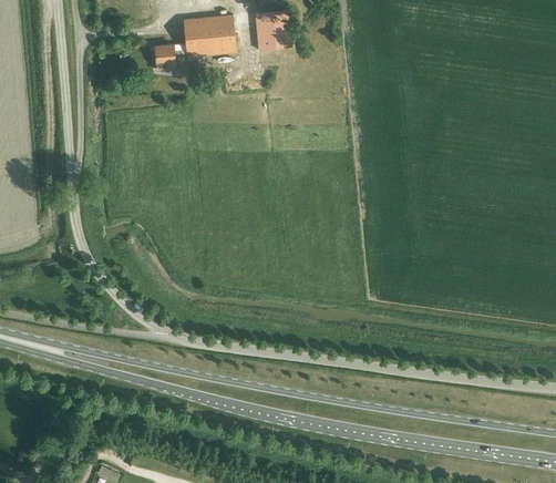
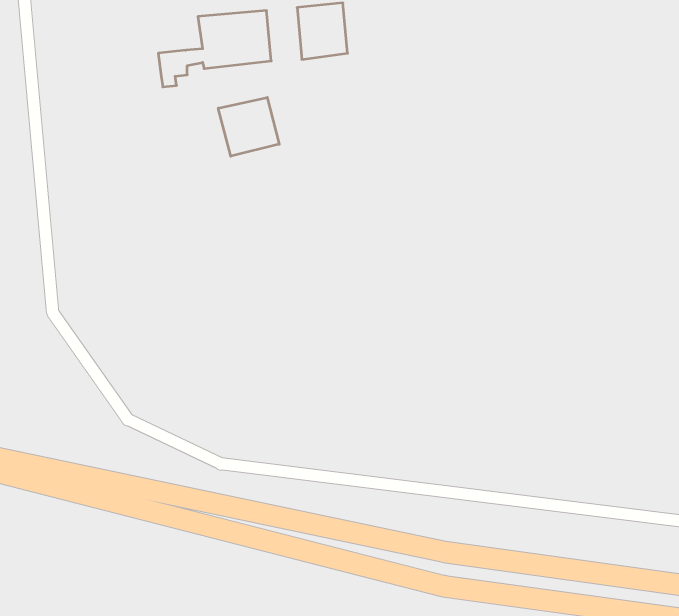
building: none -> [218,97,279,156]

